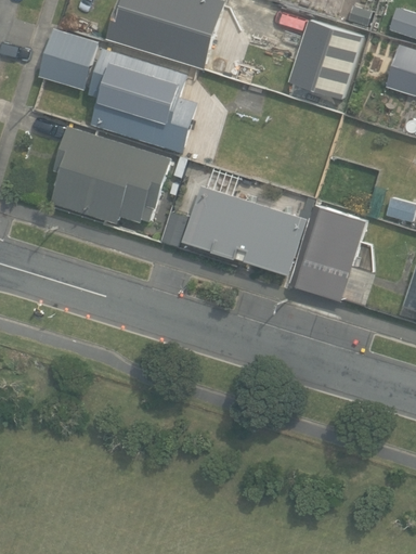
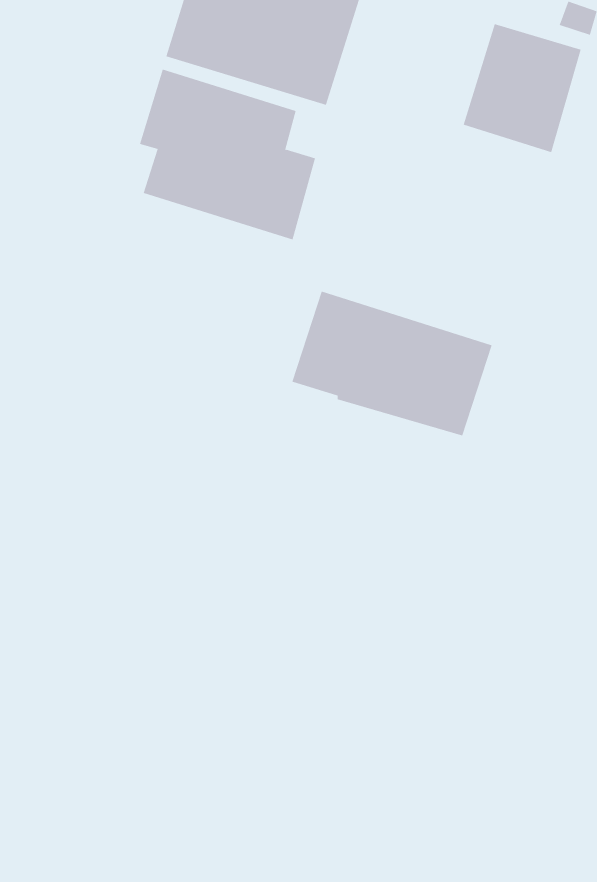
building: [39,29,100,91] -> none
building: [52,126,172,224] -> none
building: [289,205,366,302] -> none

